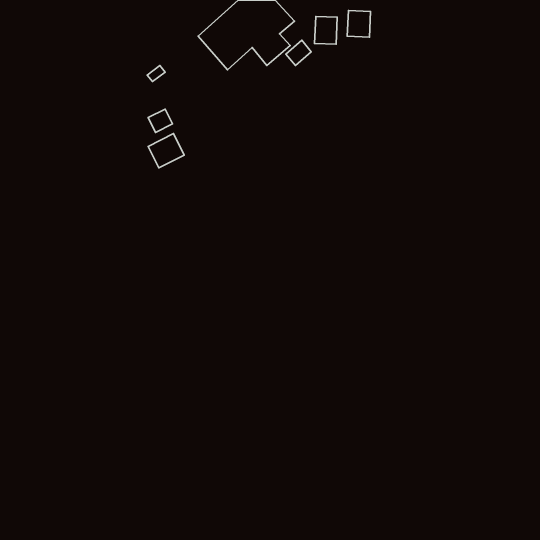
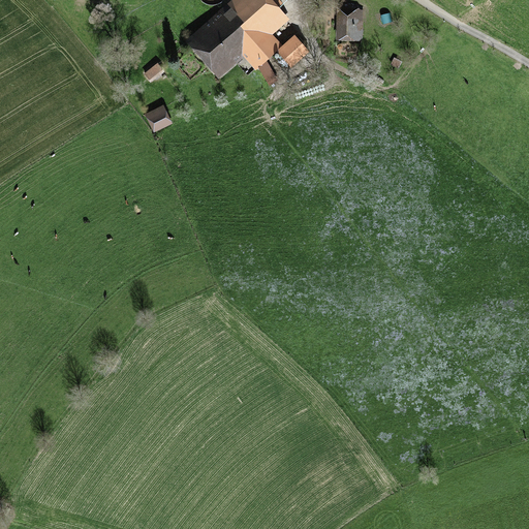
building: [315,16,337,44] -> none
building: [148,134,184,168] -> none

